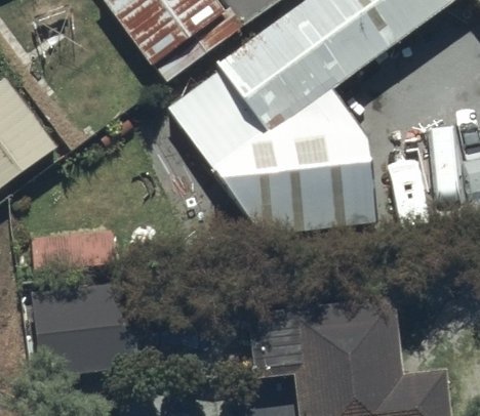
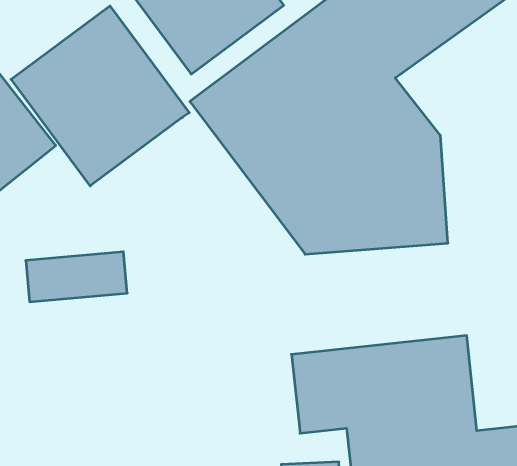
building: none -> [11,6,189,186]
building: [33,284,127,377] -> none

